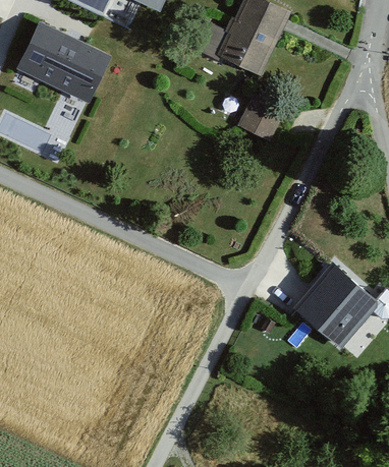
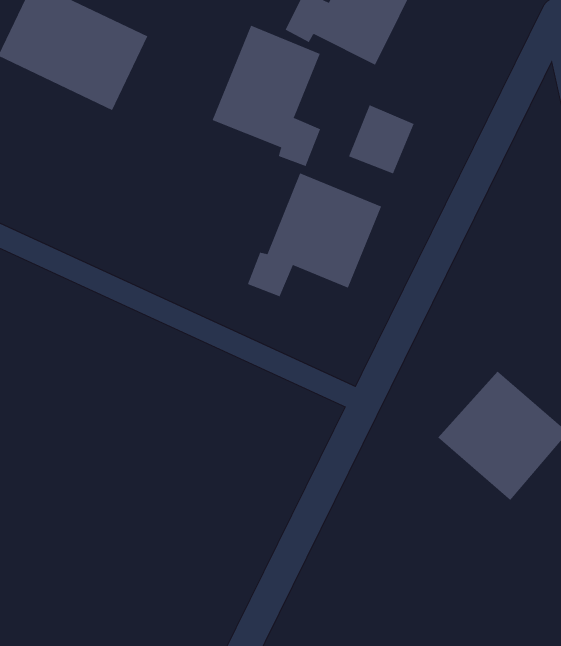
building: none -> [212,25,321,167]
building: none -> [247,173,382,297]

